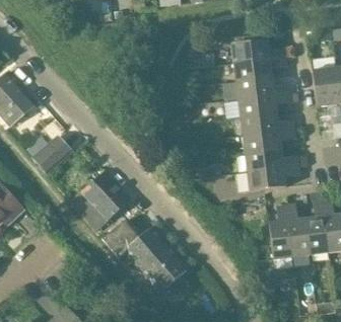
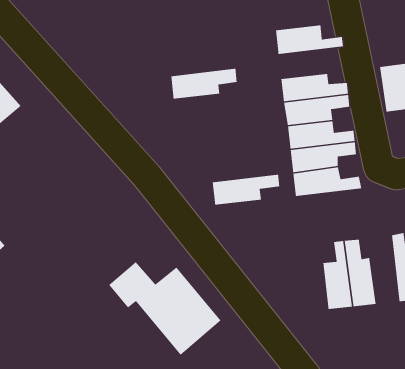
building: [232,56,284,80] -> [170,68,237,100]
building: [29,135,69,172] -> none
building: [246,165,298,189] -> [212,174,280,205]
building: [69,170,129,230] -> none
building: [303,200,326,254] -> none

